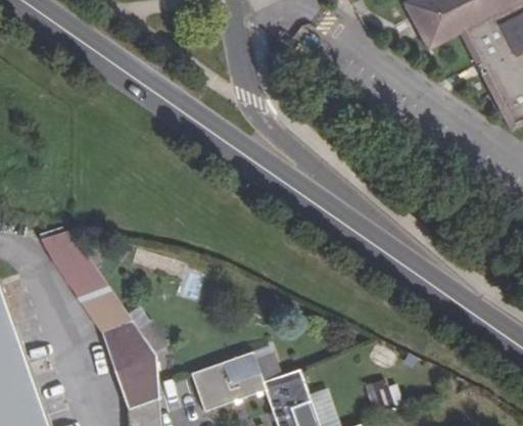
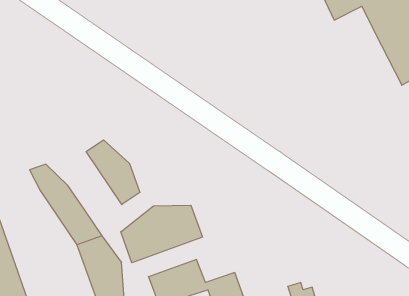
building: none -> [86,140,140,205]
building: none -> [121,205,203,263]

